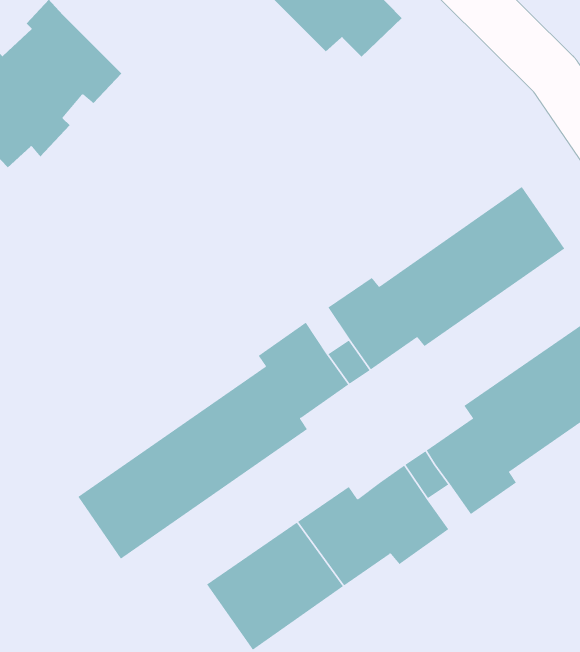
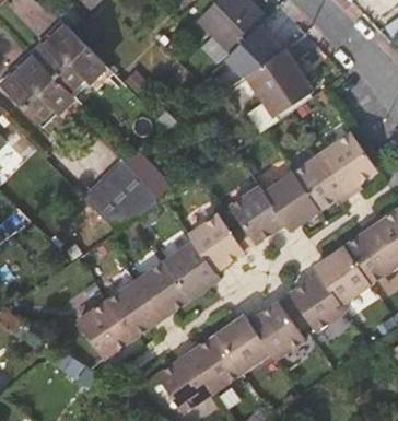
building: none -> [249,49,312,110]
building: none -> [83,157,160,234]

